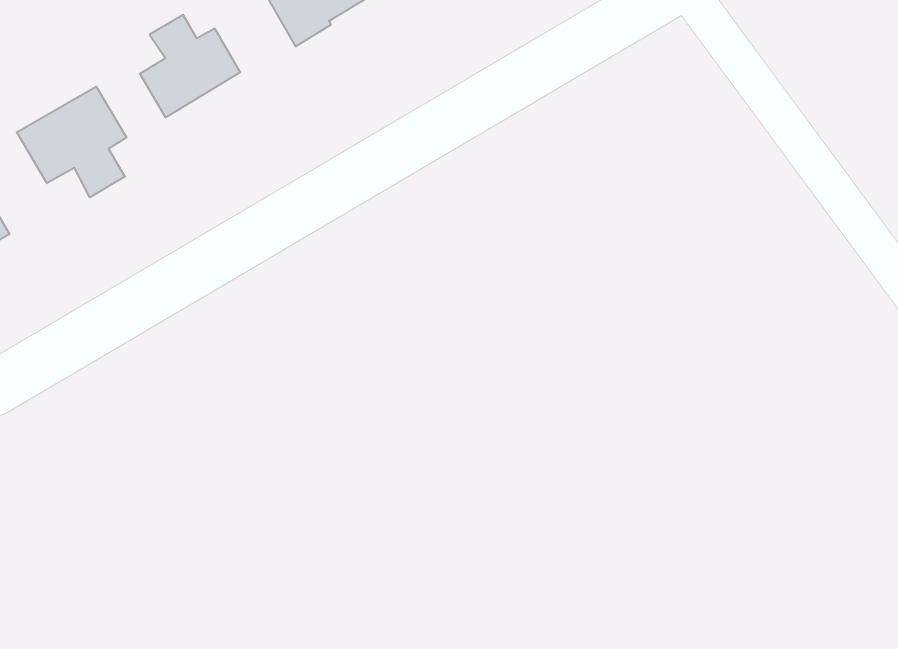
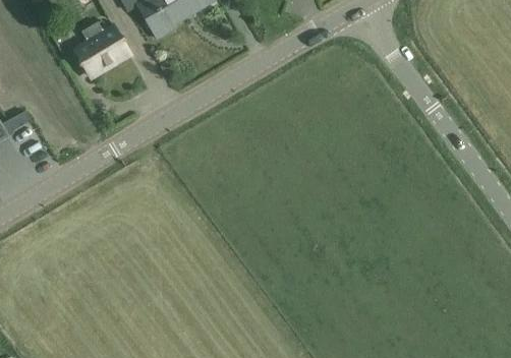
building: [17,87,126,197] -> none

